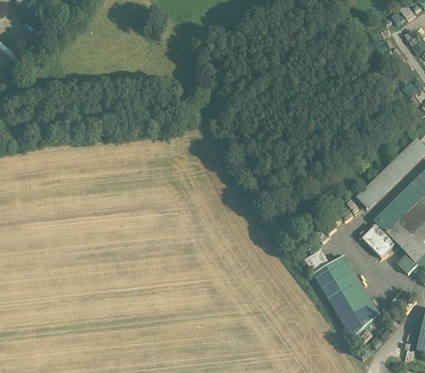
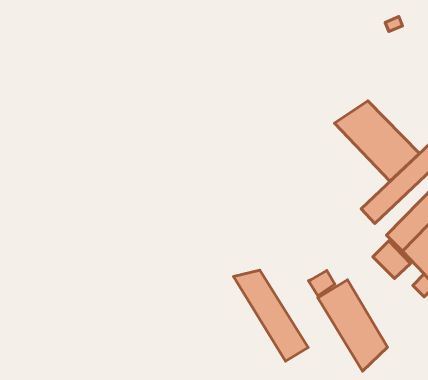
building: none -> [335,101,419,181]
building: none -> [234,270,308,361]

